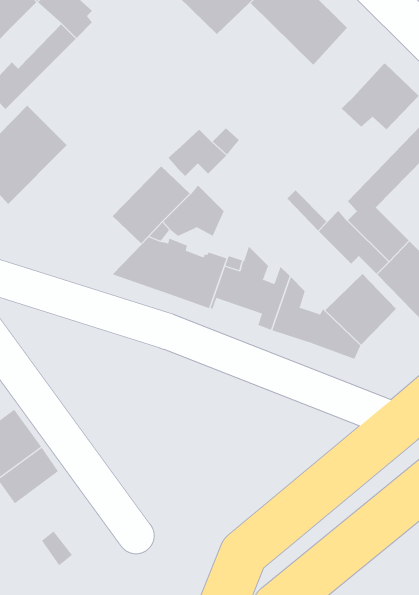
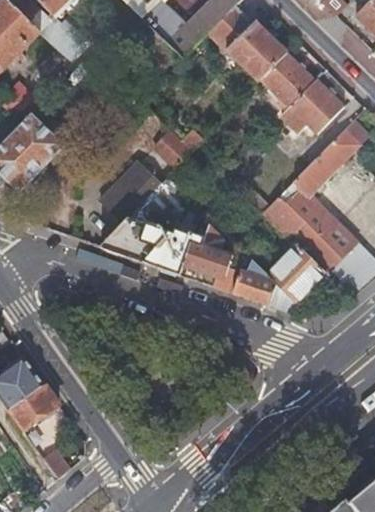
building: none -> [260,53,313,114]

